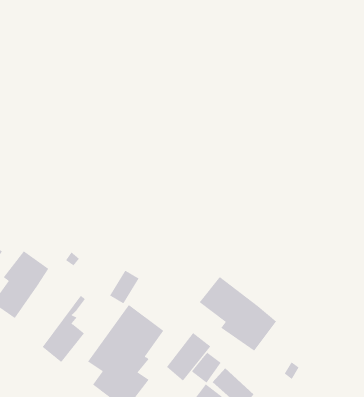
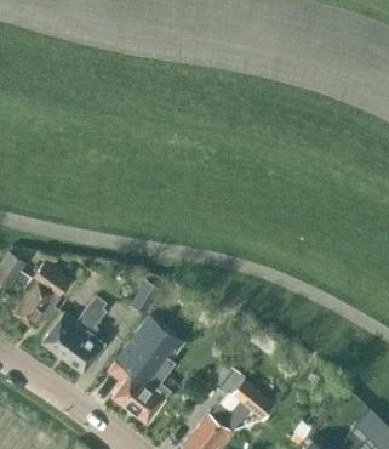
building: [199,276,277,351] -> none
building: none -> [42,296,104,358]
building: [166,332,211,381] -> none

